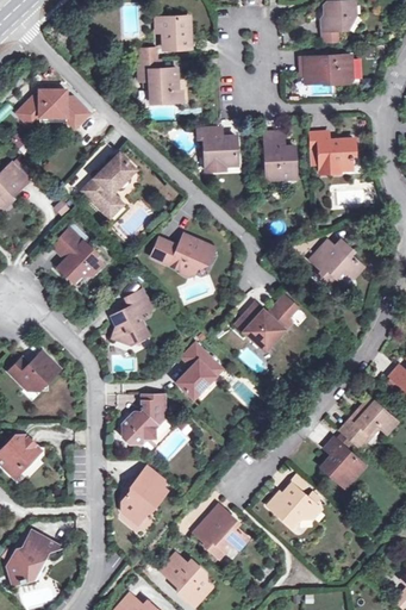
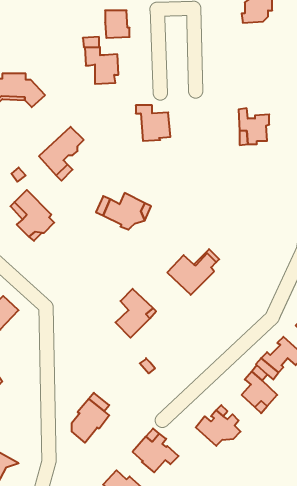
building: [305,57,351,85] -> none
building: [264,133,295,181] -> none
building: [311,239,363,287] -> none
building: [112,288,151,343] -> none
building: [123,399,165,442] -> none

